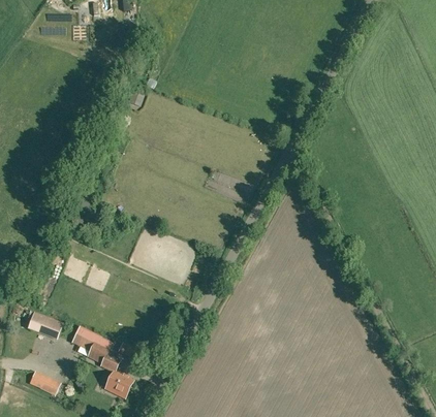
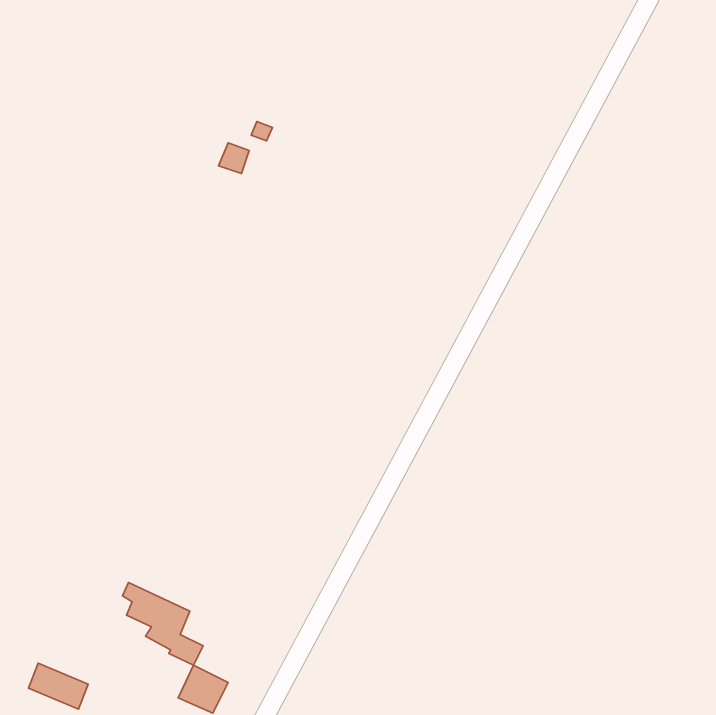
building: [27,312,61,338] -> none

